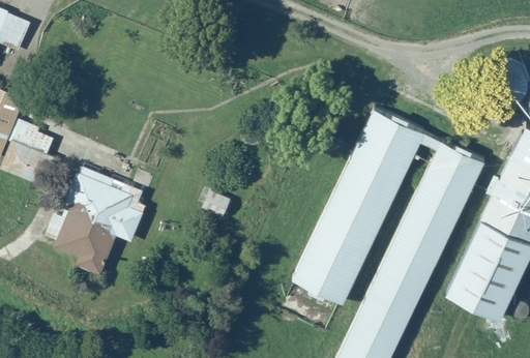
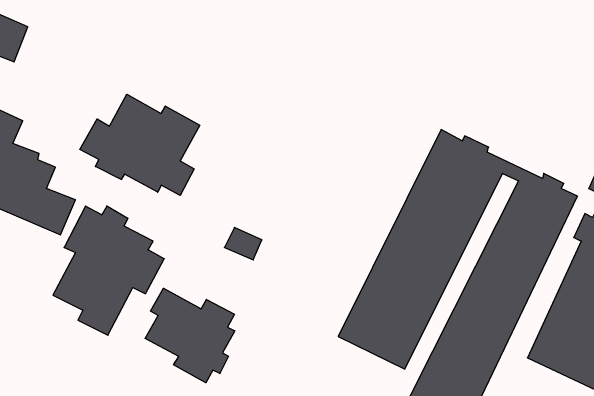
building: none -> [80,94,200,195]
building: none -> [145,288,235,383]

